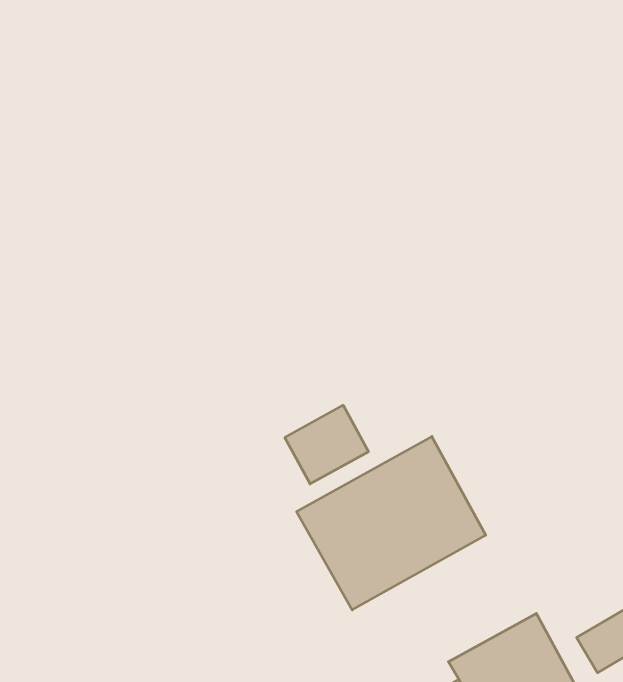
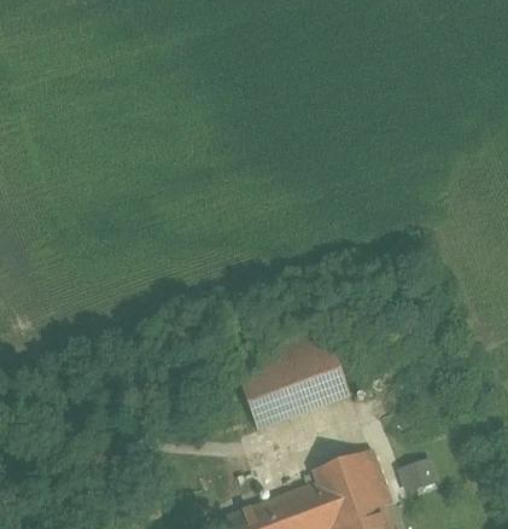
building: [285,405,368,484] -> none

